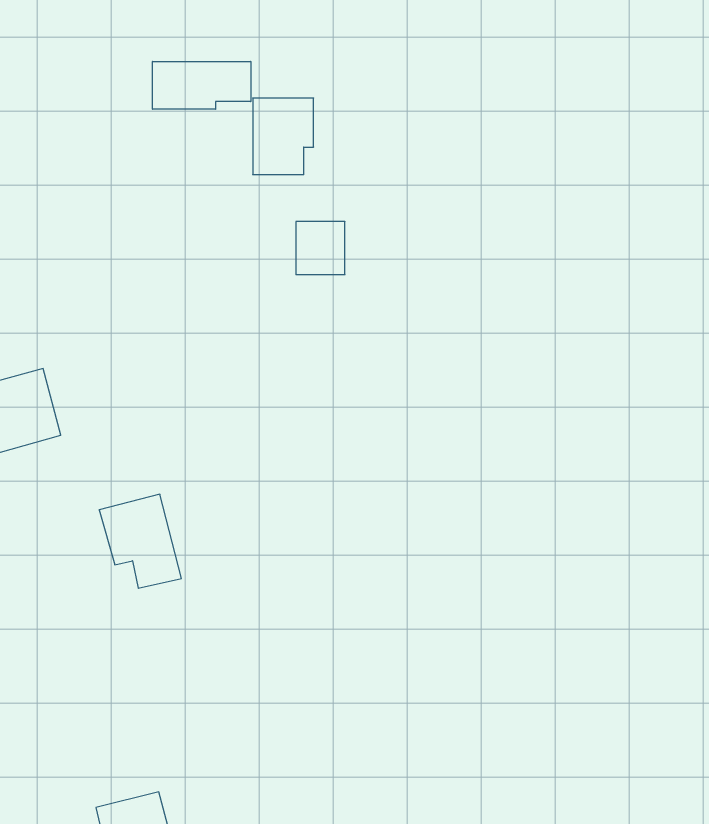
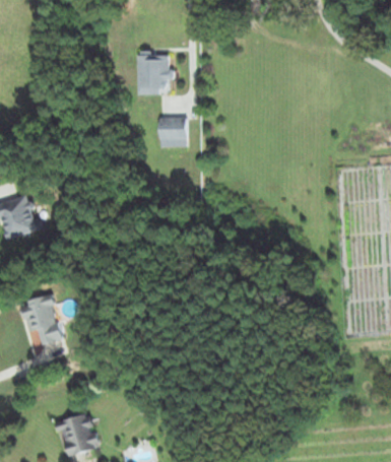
building: [153,61,251,109] -> none
building: [99,494,181,588] -> [19,295,62,344]

